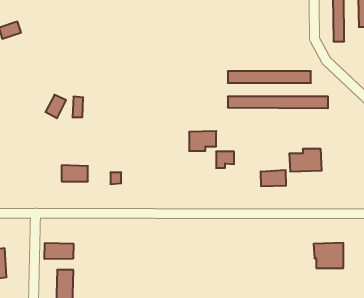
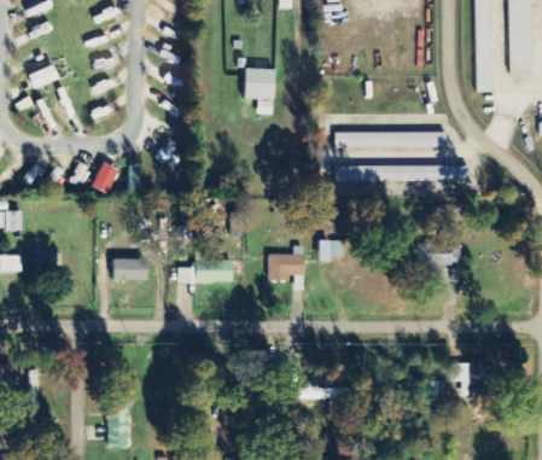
building: none -> [244,68,274,113]
building: [189,131,216,151] -> [268,252,304,279]
building: none -> [194,258,232,281]
building: [261,170,286,186] -> none
building: [45,243,73,259] -> none

